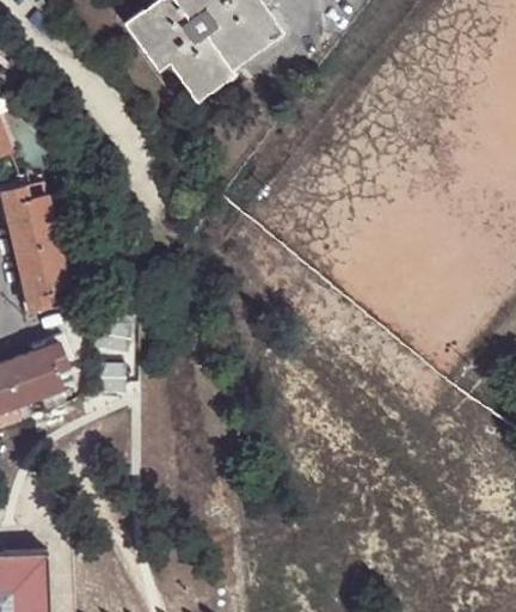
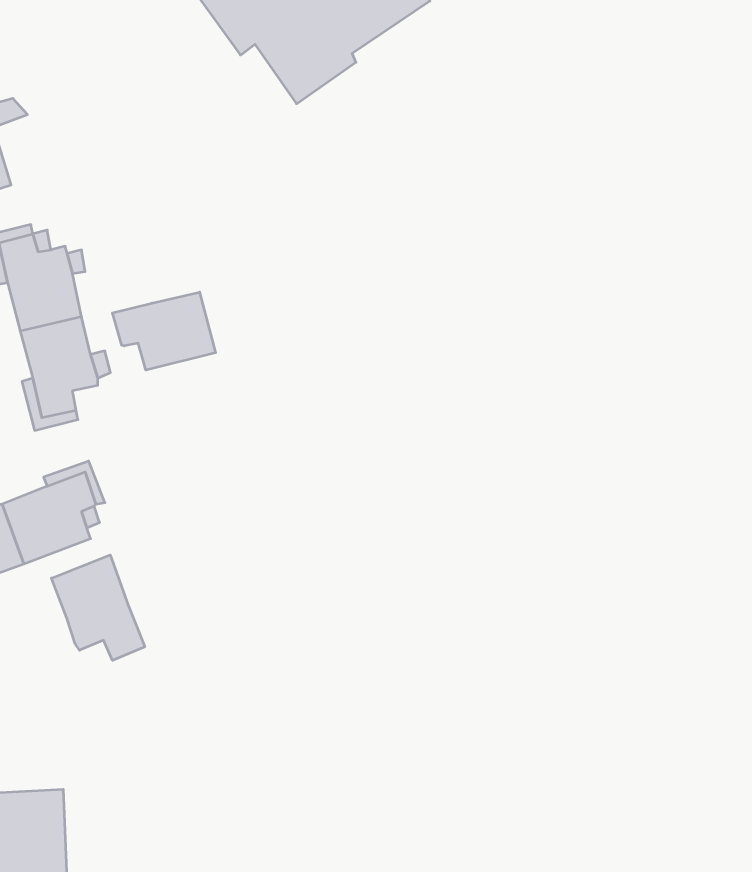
building: none -> [112,292,216,370]
building: none -> [51,555,145,660]

